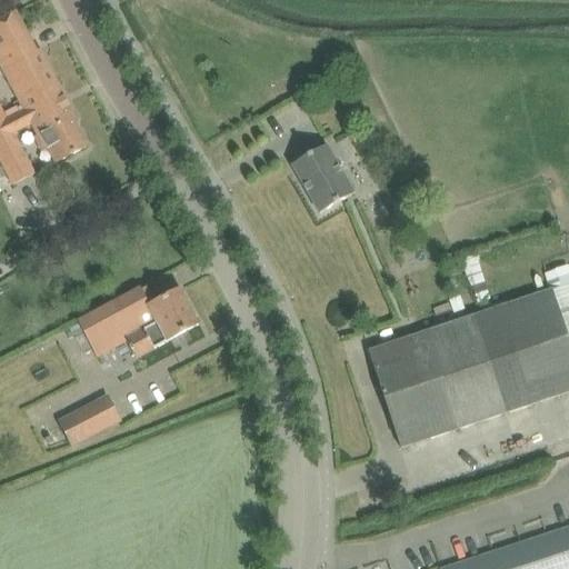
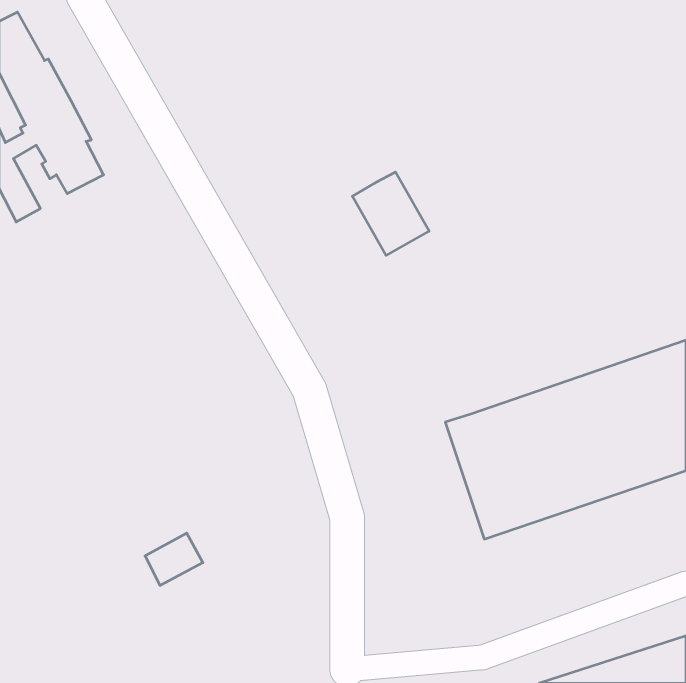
building: [78,288,198,356] -> none
building: [73,393,121,437] -> [145,533,203,585]

